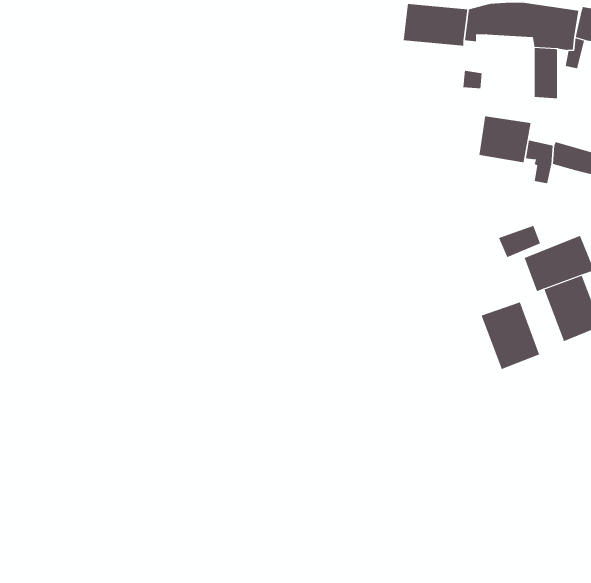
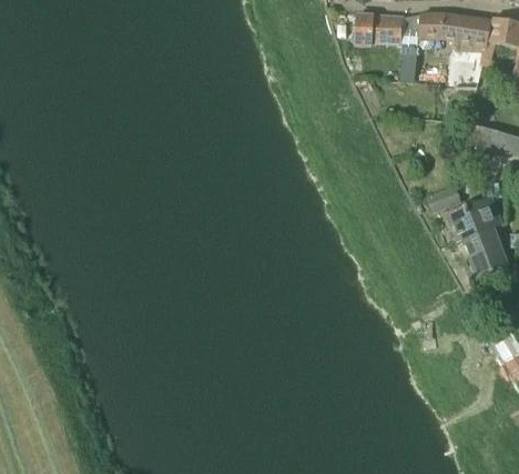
building: [479,115,531,163] -> none
building: [481,301,540,370] -> none

